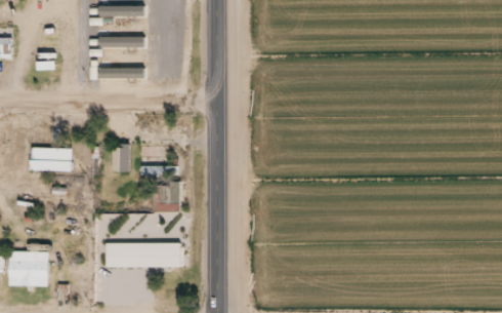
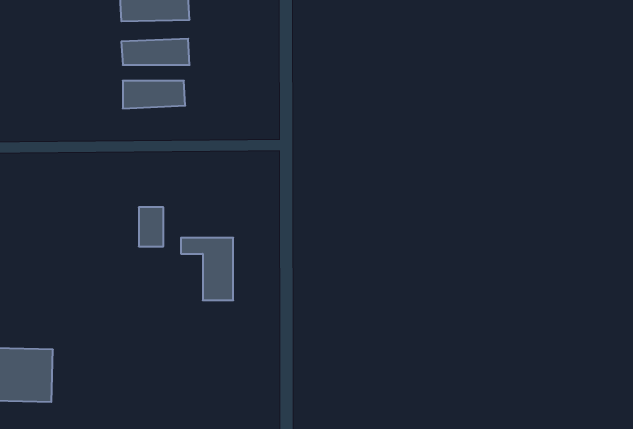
building: [29,147,74,173] -> none
building: [104,241,182,259] -> none

